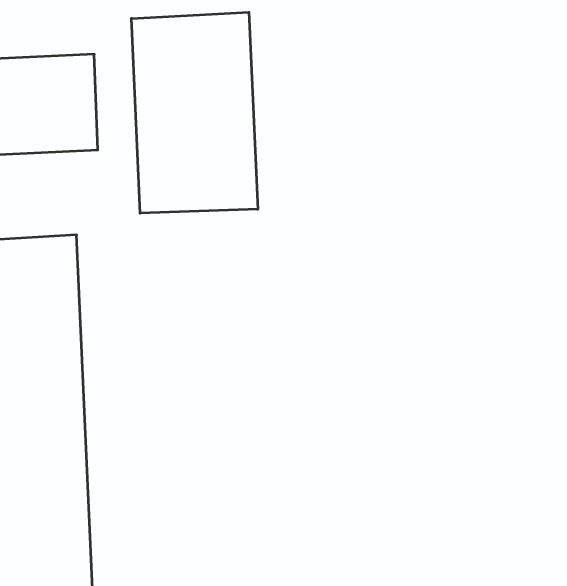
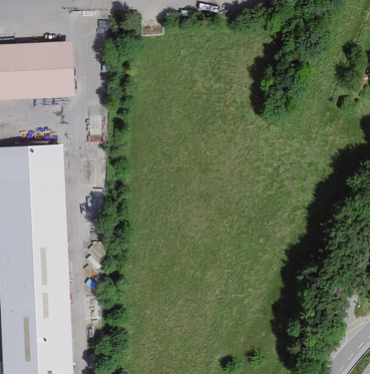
building: [131,12,258,213] -> none

